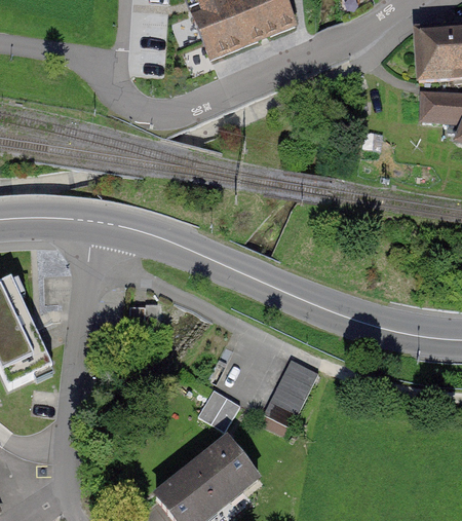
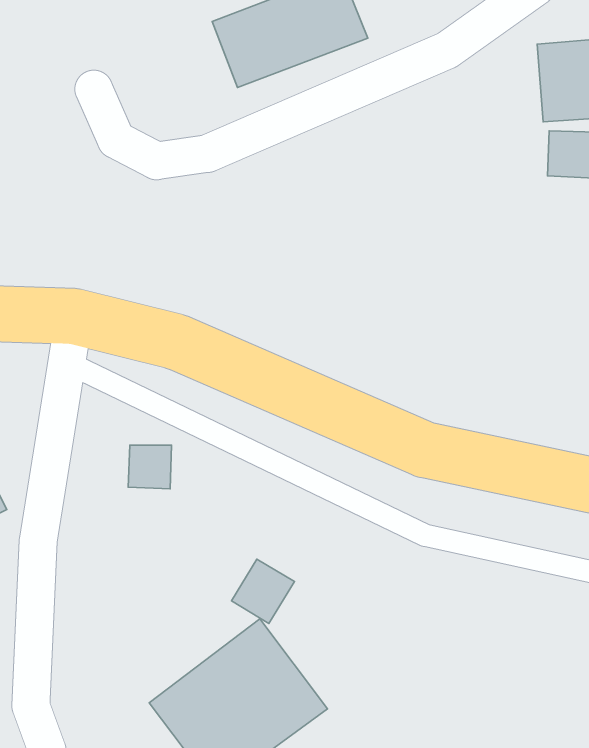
building: [266,358,322,426] -> none

